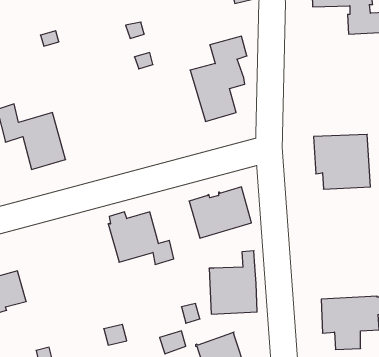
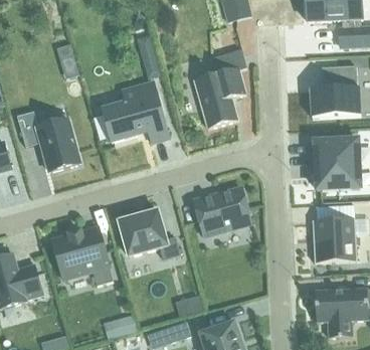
building: none -> [310,64,360,117]
building: none -> [102,80,168,142]
building: none -> [51,225,112,284]
building: [209,251,257,314] -> [312,203,356,261]

